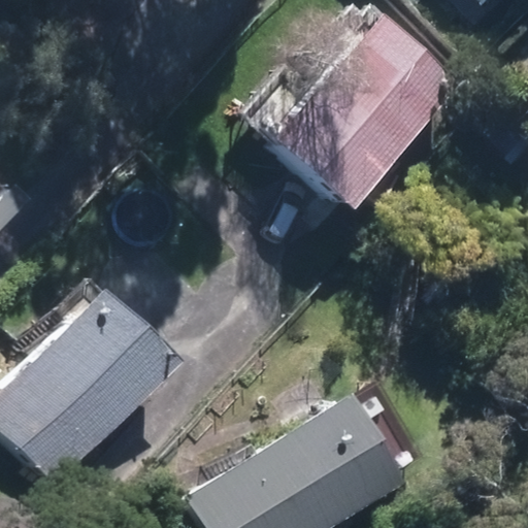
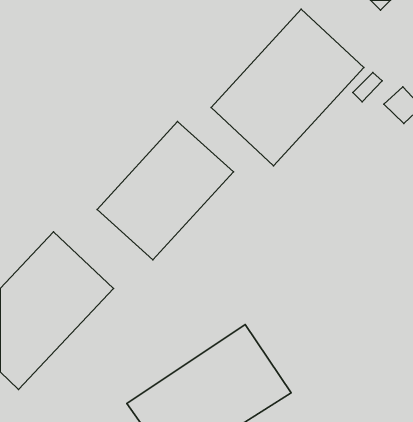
building: none -> [97,122,233,260]

